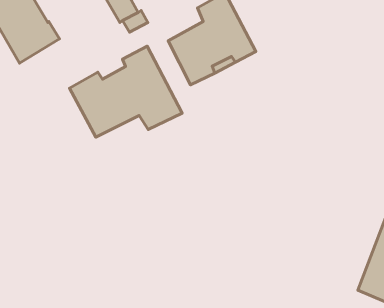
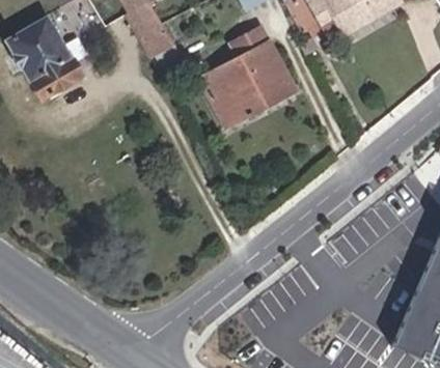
building: [70,46,182,137] -> none

